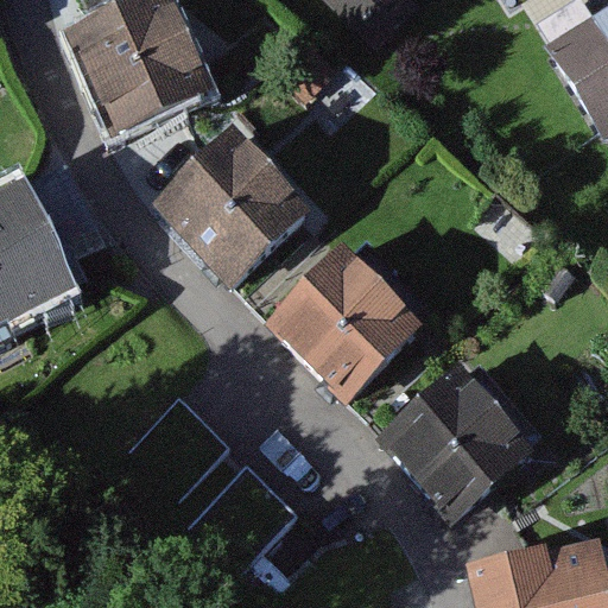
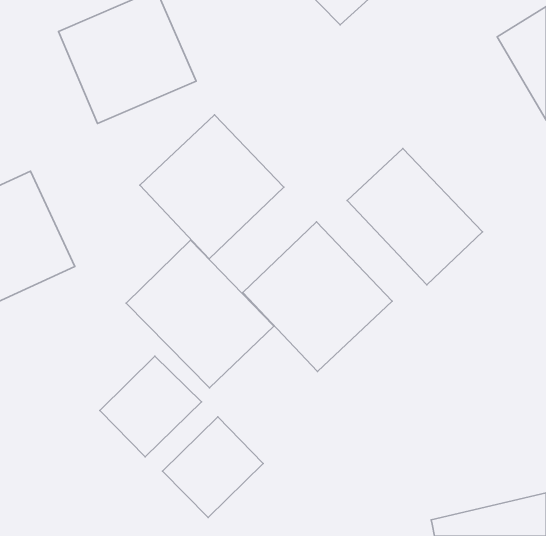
building: none -> [347,149,482,285]
building: none -> [126,240,274,388]
building: [379,361,542,522] -> none

